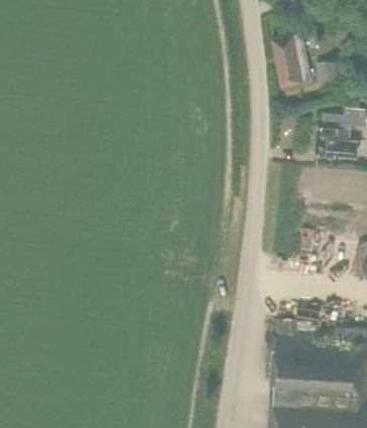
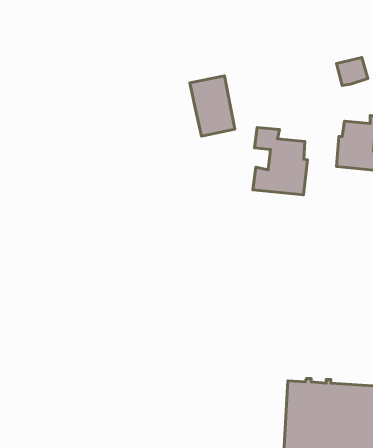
building: [272,35,312,88] -> [190,76,235,136]
building: none -> [253,128,308,195]

